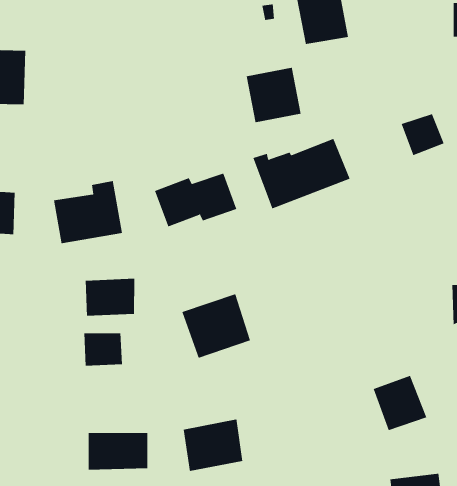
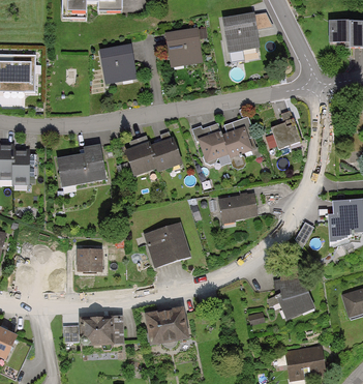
building: none -> [99,43,137,82]
building: [246,67,302,123] -> [165,27,204,65]
building: [401,113,445,156] -> [271,119,301,148]
building: none -> [220,193,256,219]
building: [85,278,135,316] -> none

